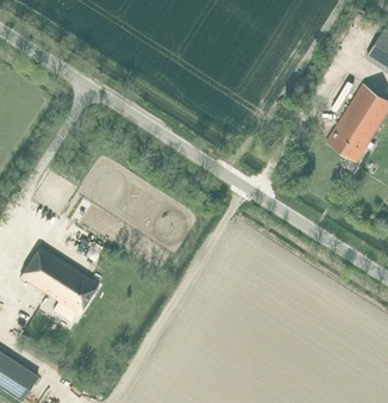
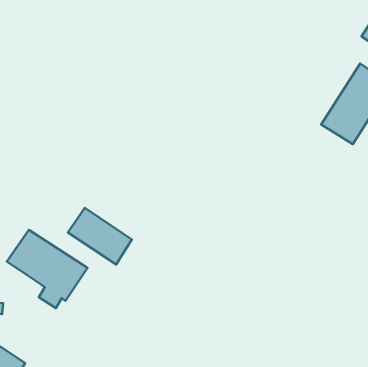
building: none -> [68,208,132,265]

